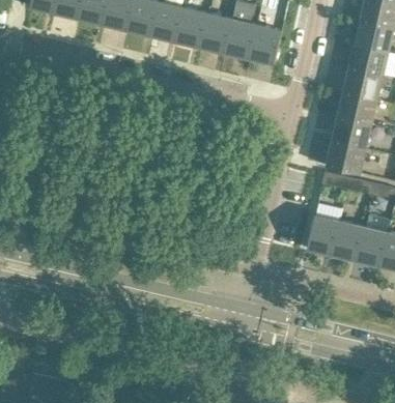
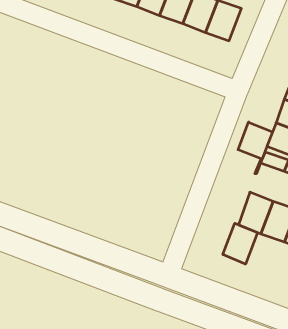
building: none -> [238,122,272,174]
building: none -> [223,223,257,264]

